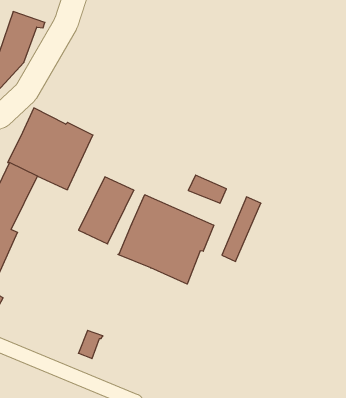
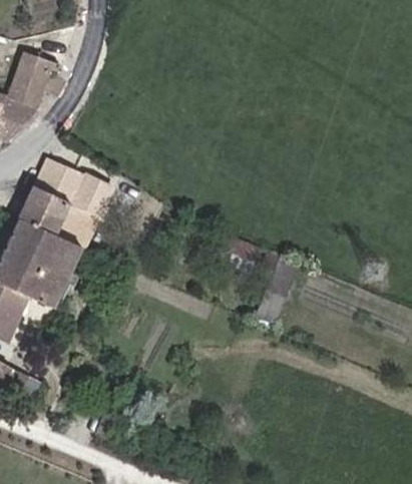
building: [79,177,134,244] -> [22,232,83,307]
building: [118,195,214,284] -> none

